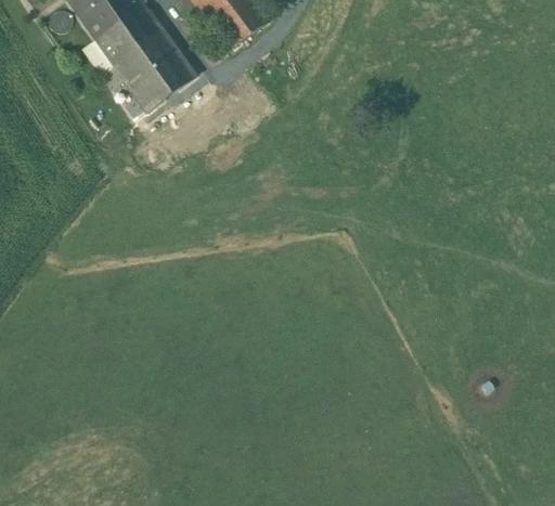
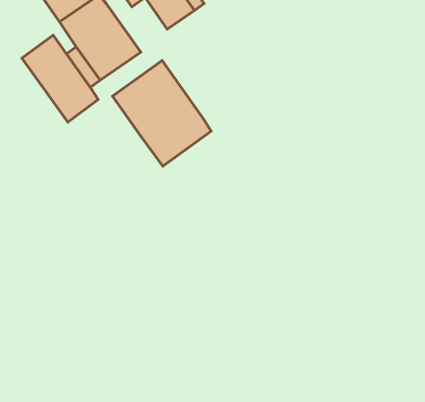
building: none -> [22,35,98,122]
building: none -> [113,60,211,166]

